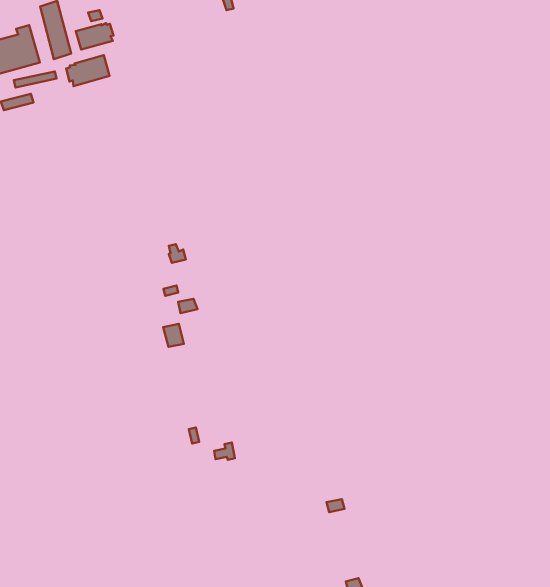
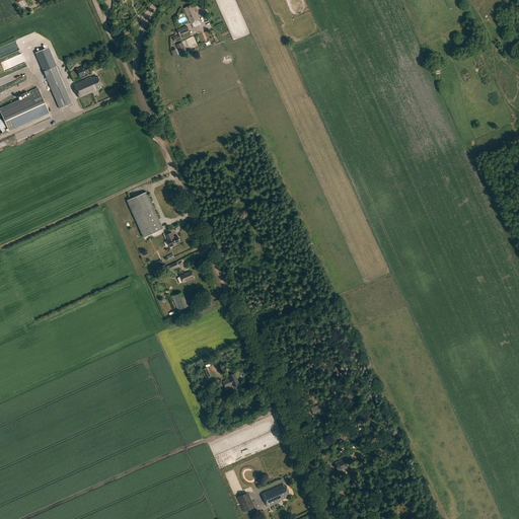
building: [66,55,110,86] -> none
building: none -> [127,192,162,237]

